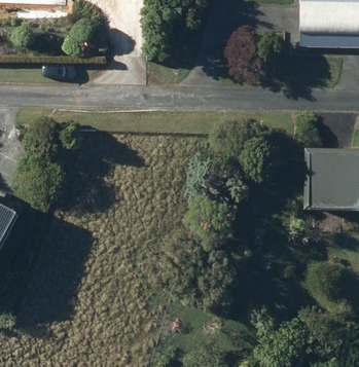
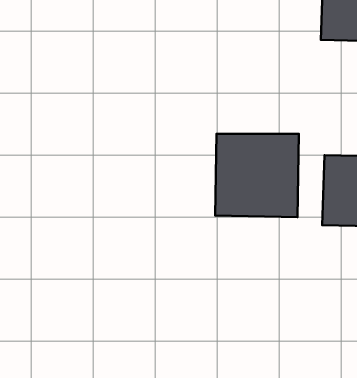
building: none -> [215,134,299,217]

